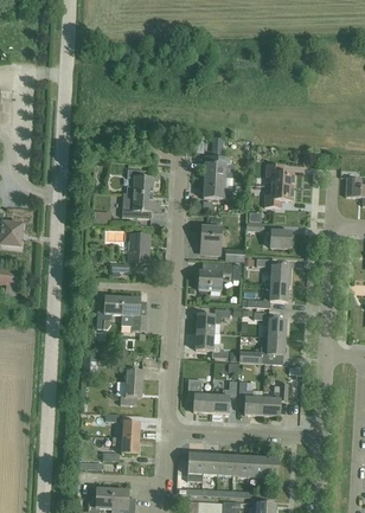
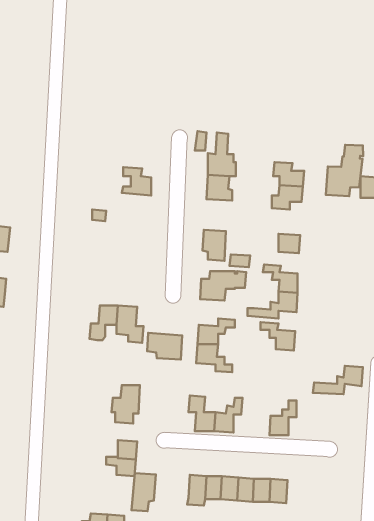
building: none -> [326,145,363,196]
building: [122,191,153,217] -> none
building: [129,232,149,262] -> none
building: none -> [147,333,182,360]
building: [238,335,284,361] -> [313,366,363,394]
building: [238,380,263,415] -> none
building: none -> [132,473,156,511]

